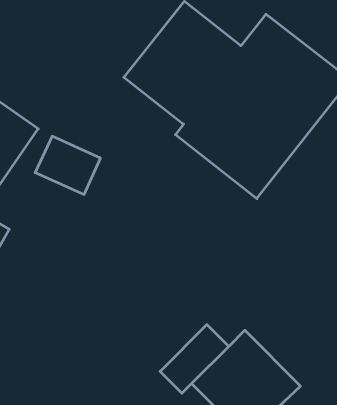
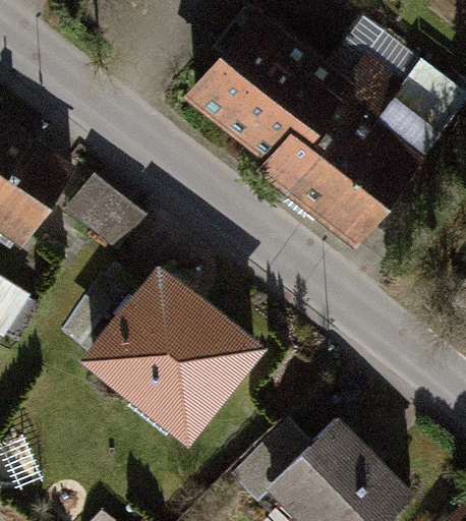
building: none -> [81,270,254,440]

